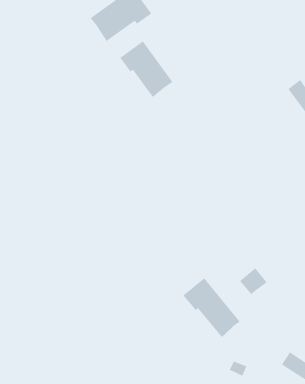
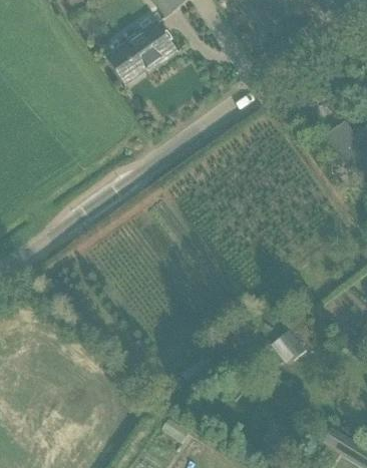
building: [119,41,173,98] -> none
building: [183,277,240,338] -> none

